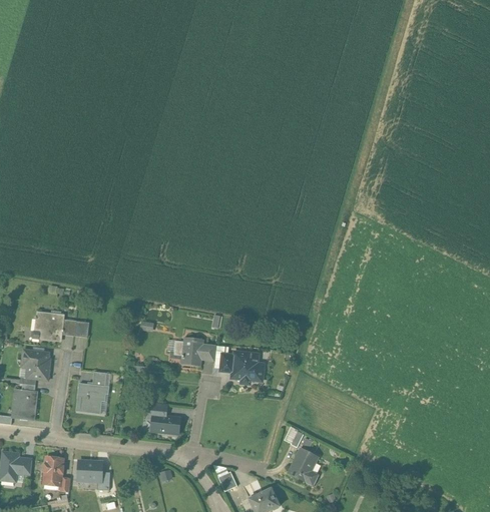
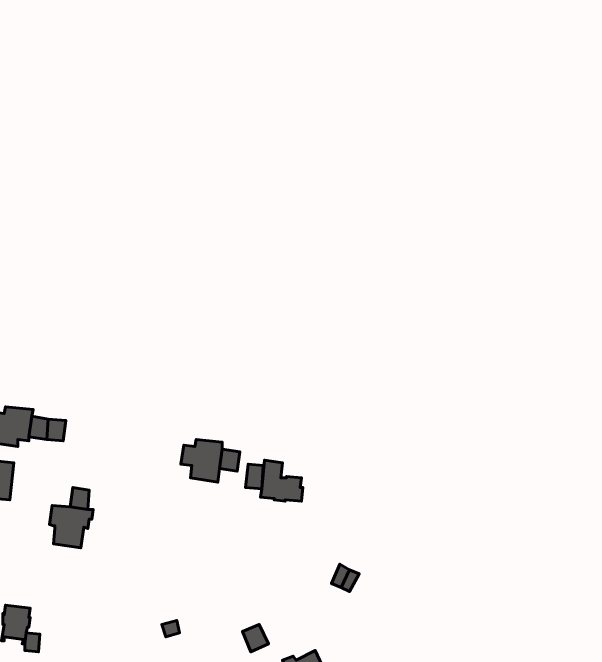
building: [148,403,179,433] -> none
building: [288,449,317,484] -> none
building: [76,460,110,489] -> none

